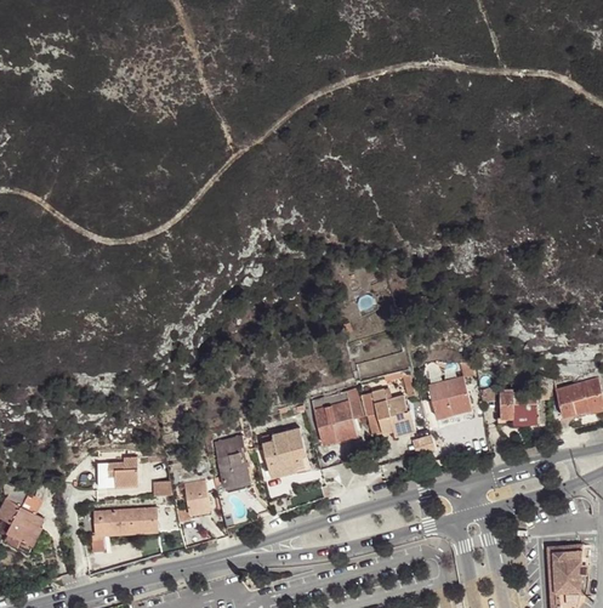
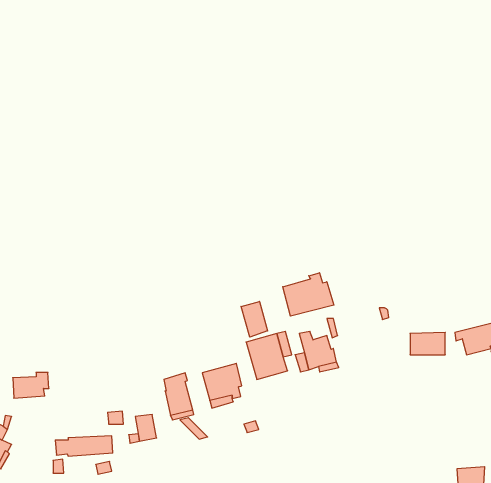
building: none -> [283,273,334,316]
building: none -> [241,301,268,337]
building: [428,377,472,419] -> none
building: [97,460,138,489] -> [13,372,49,398]

